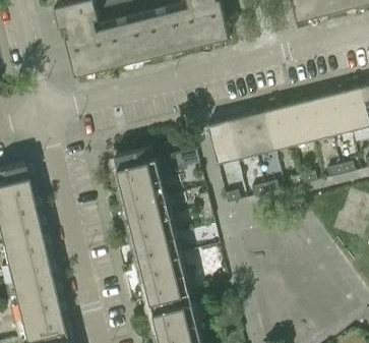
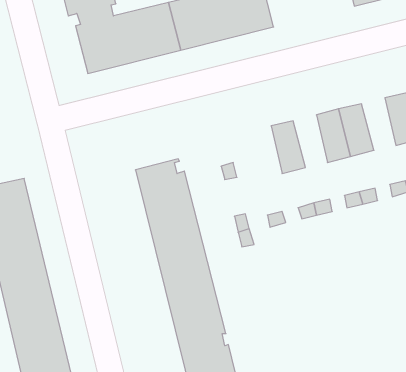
building: [304,97,332,140] -> none
building: [247,111,275,155] -> none
building: [208,120,238,165] -> none

